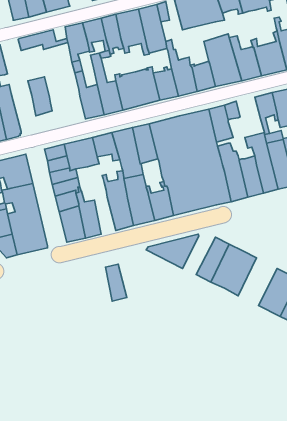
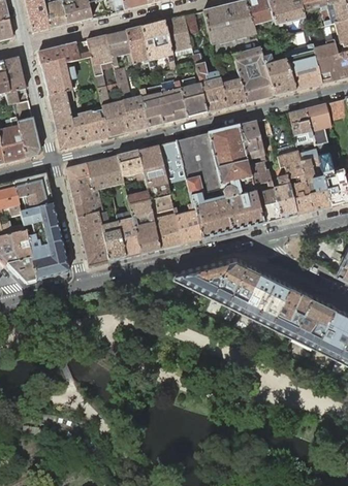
building: none -> [40,57,74,95]
building: none -> [56,104,108,148]
building: none -> [211,255,246,299]
building: none -> [270,282,311,332]
building: [105,264,127,301] -> [118,218,140,257]

